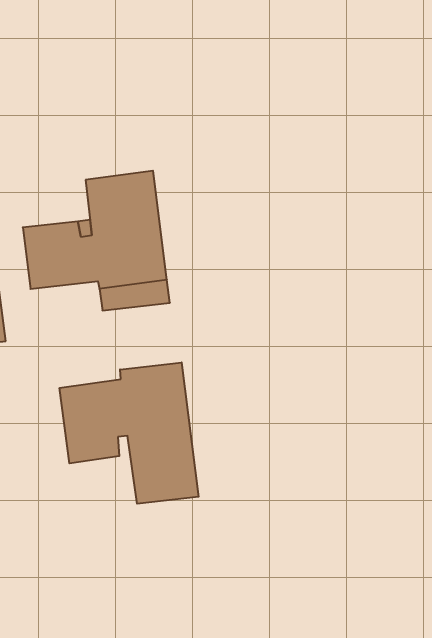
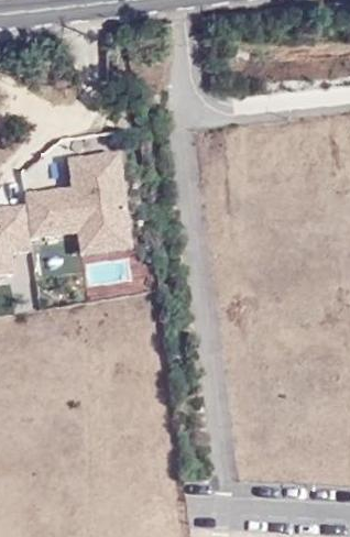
building: [60,362,199,504] -> none

